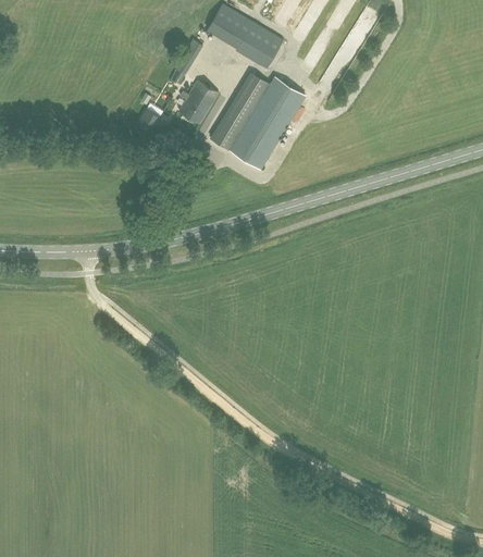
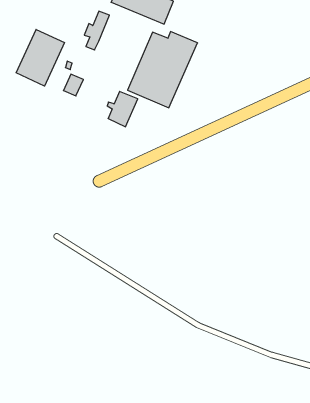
building: none -> [16,29,64,86]
building: [179,81,219,124] -> [107,91,138,127]

